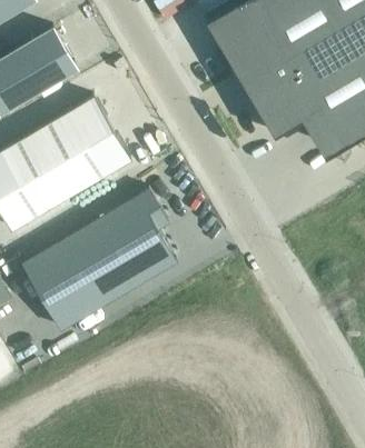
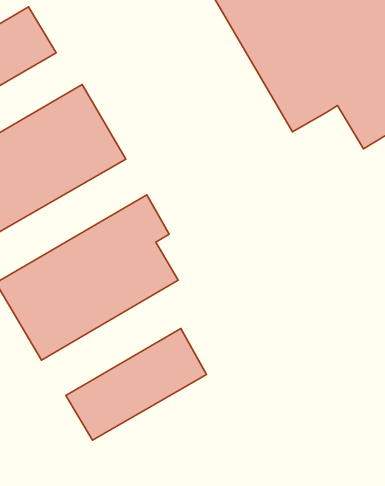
building: none -> [66,328,206,440]

